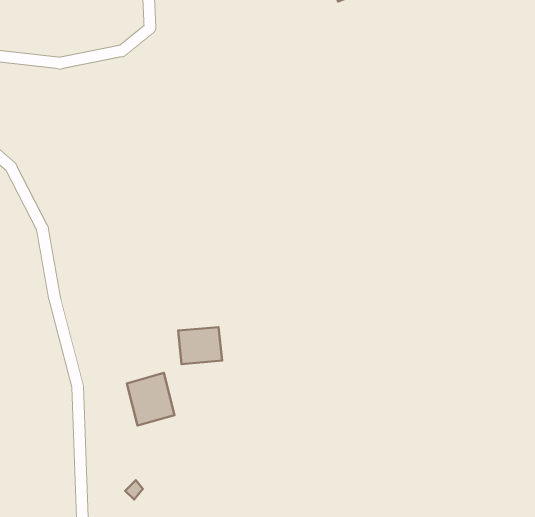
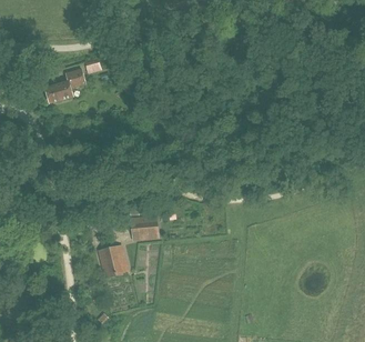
building: none -> [44,68,84,102]

